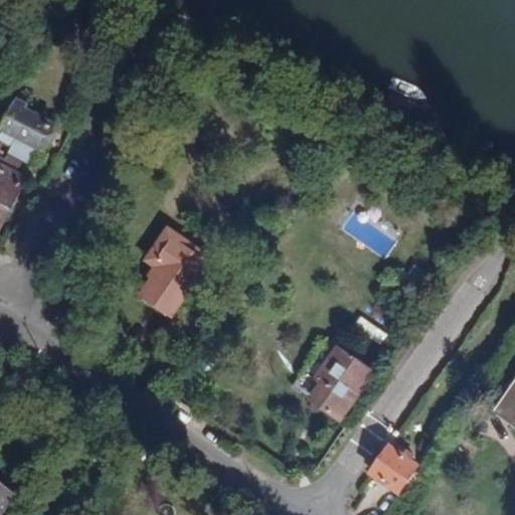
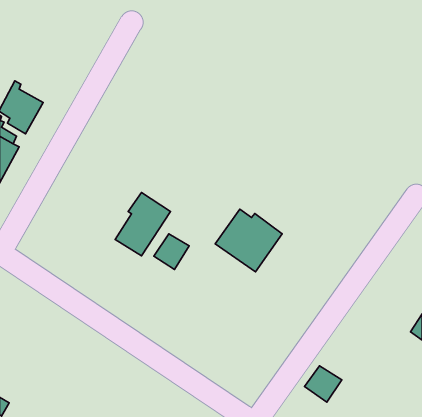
building: none -> [154,234,189,270]
building: [291,341,372,417] -> [215,209,282,272]

